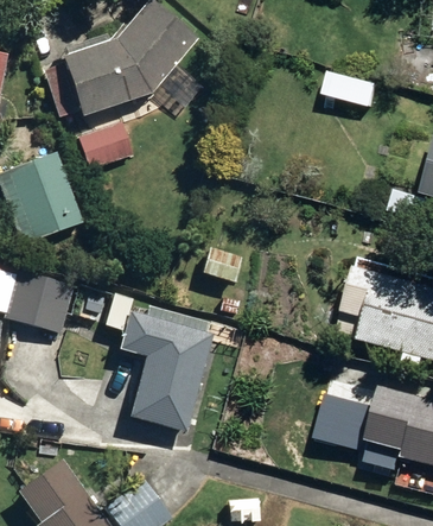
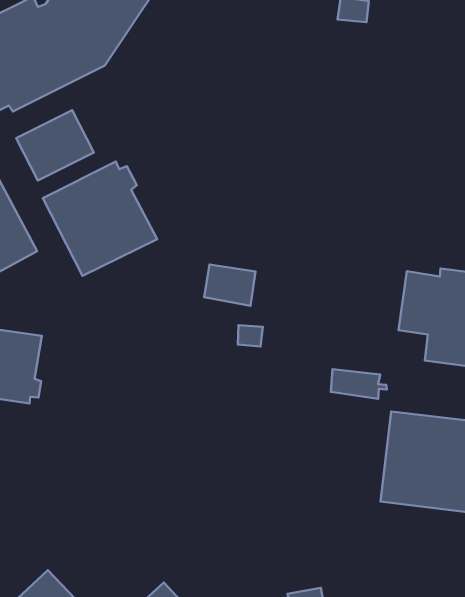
building: none -> [43,161,157,276]
building: [117,305,214,432] -> none

